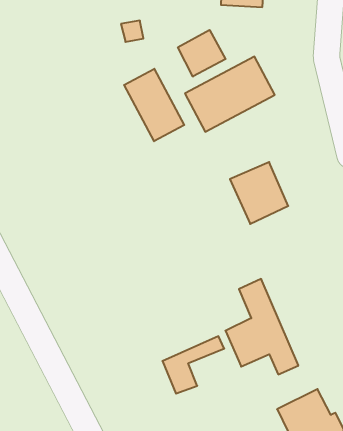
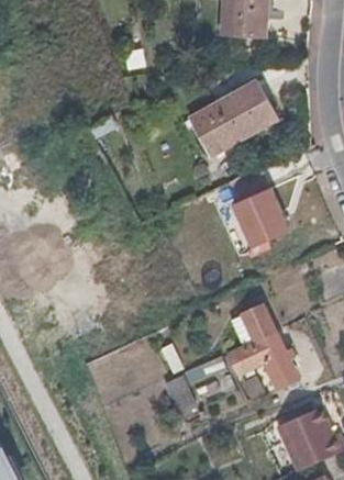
building: [178,30,226,77] -> none
building: [124,69,184,141] -> none

